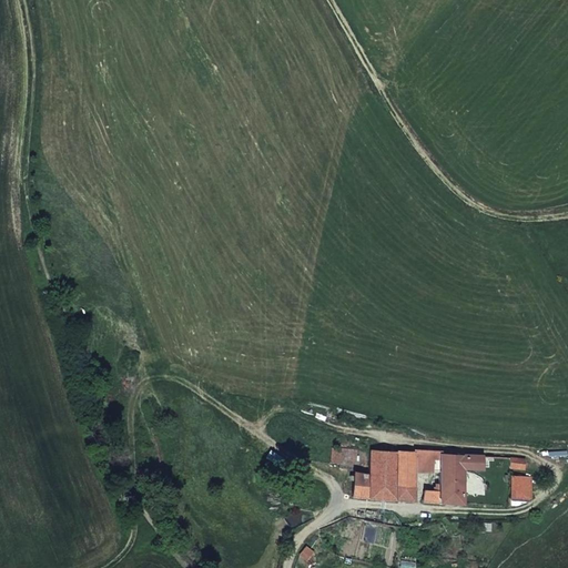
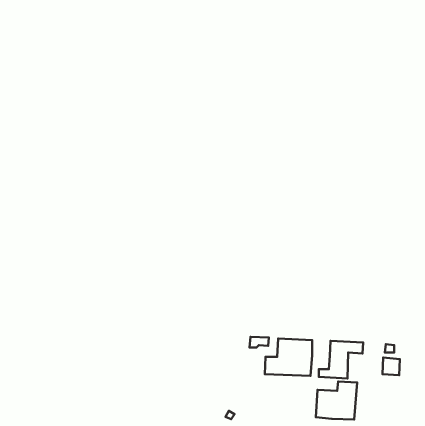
building: [417,450,442,474] -> none
building: none -> [316,381,357,420]

